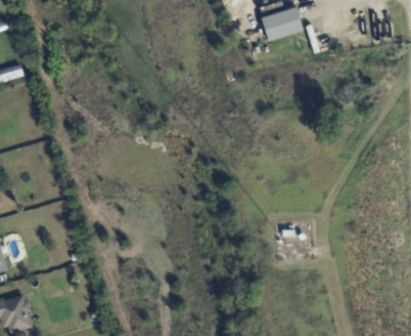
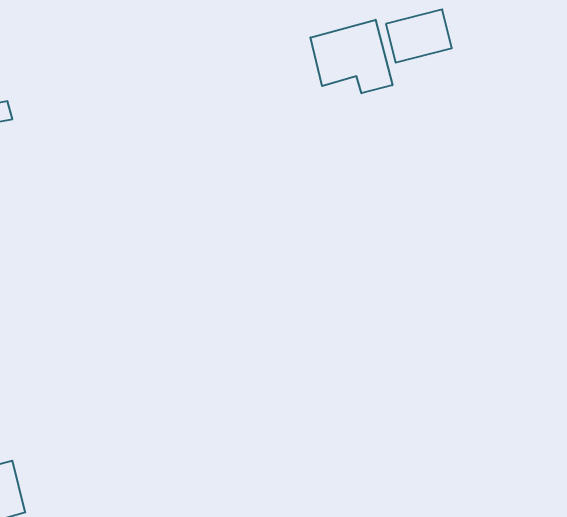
building: none -> [310,20,392,93]

